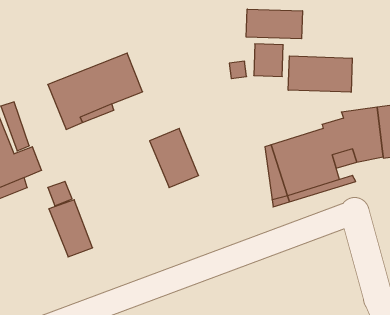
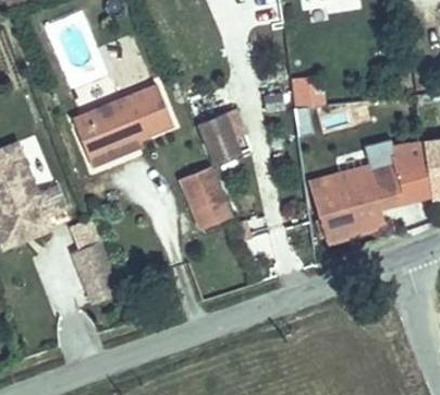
building: [246,9,302,39] -> none
building: [288,56,352,92] -> none
building: none -> [198,113,241,164]

